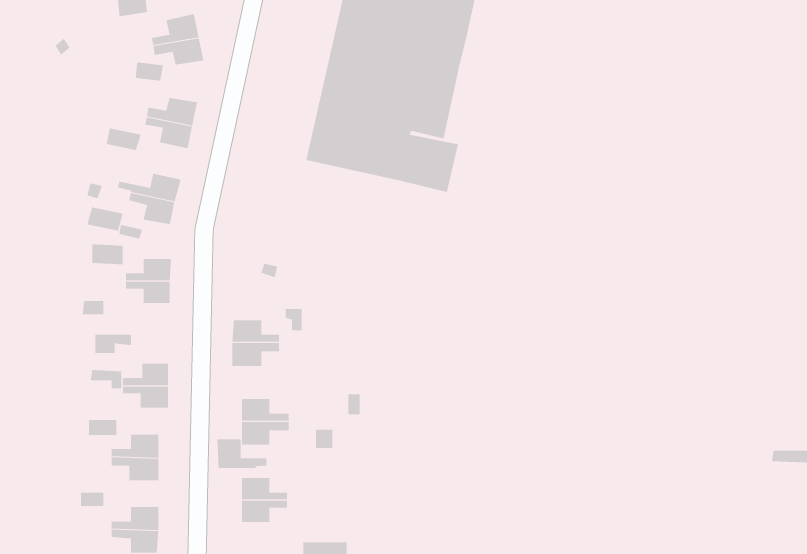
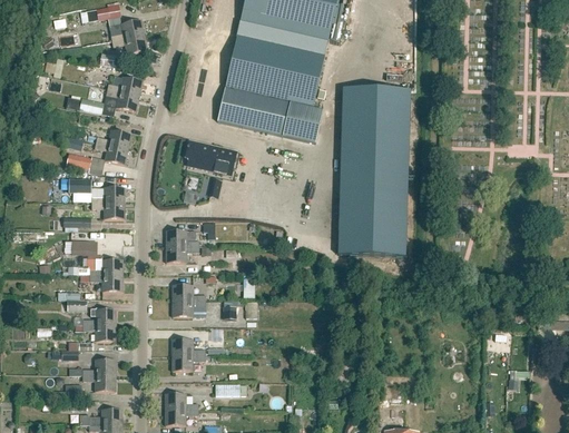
building: none -> [337,87,410,256]
building: none -> [184,139,237,175]
building: [217,438,267,469] -> none

